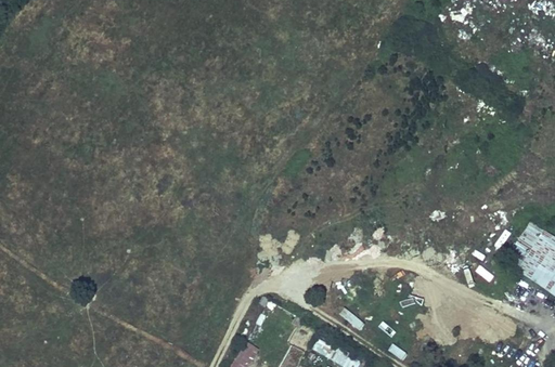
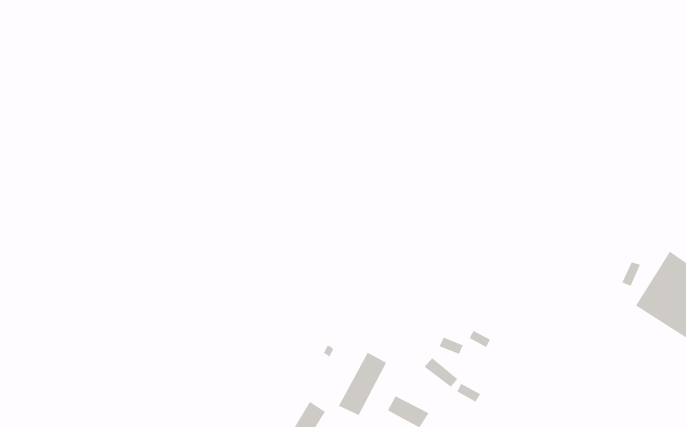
building: none -> [338,352,387,416]

